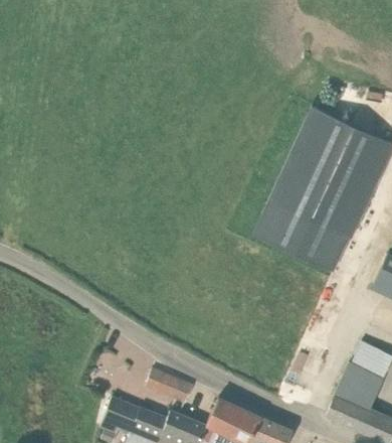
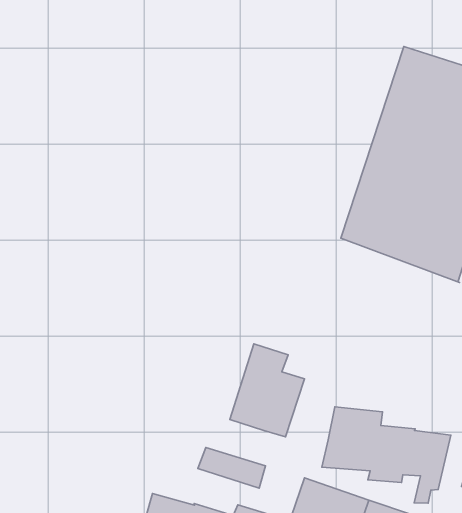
building: none -> [230,344,305,437]
building: none -> [322,407,451,503]

